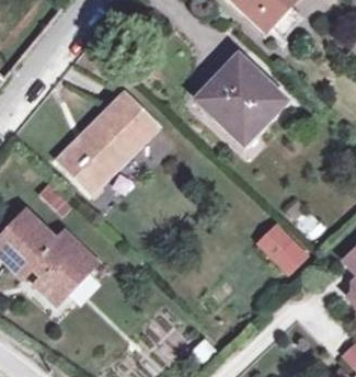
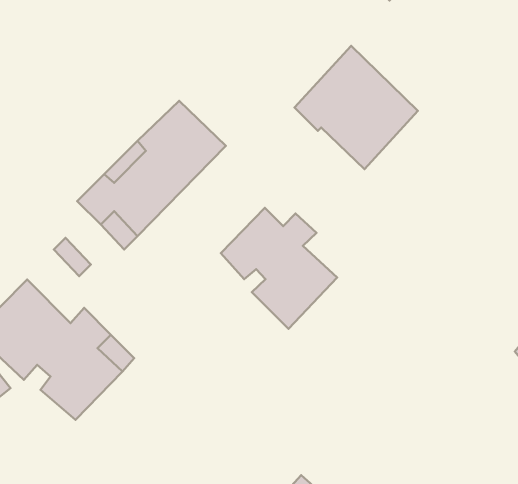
building: none -> [221,208,337,329]
building: [257,227,305,274] -> none

